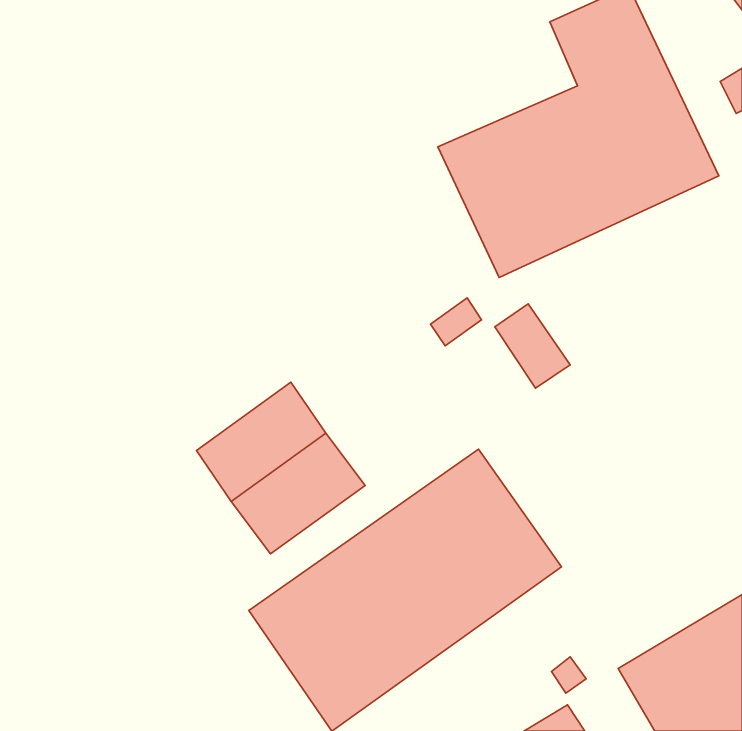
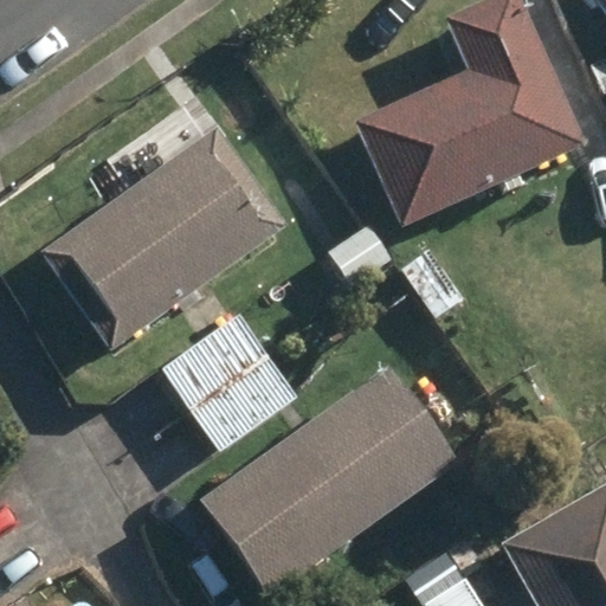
building: none -> [44,128,283,346]

